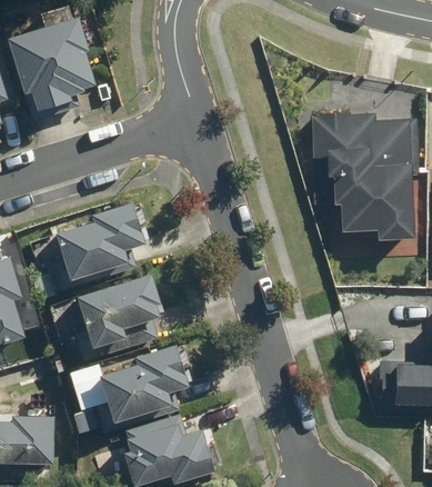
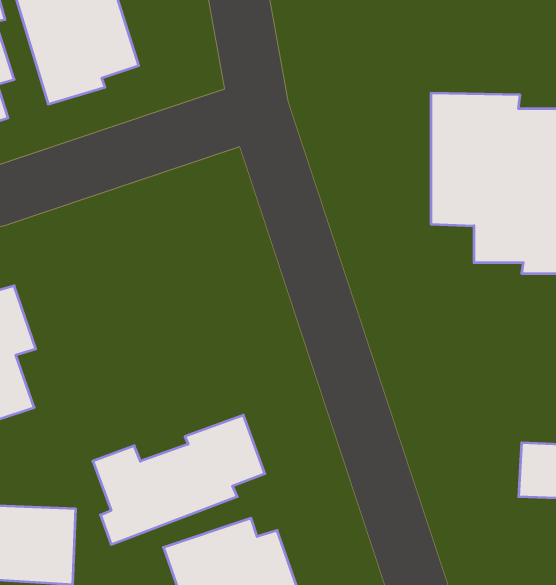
building: [30,199,148,300] -> none
building: [54,270,165,367] -> none

